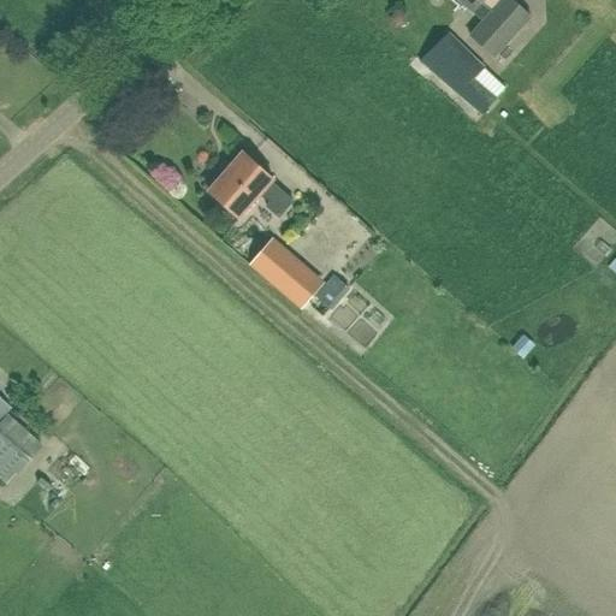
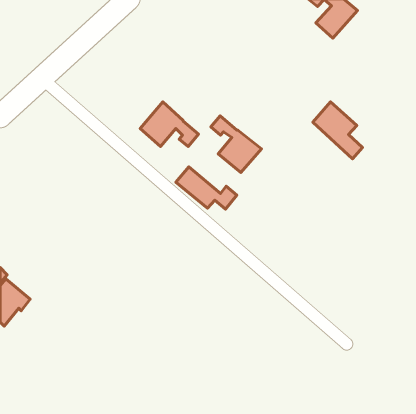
building: [421,30,494,114] -> [313,102,362,159]
building: none -> [211,116,261,172]

